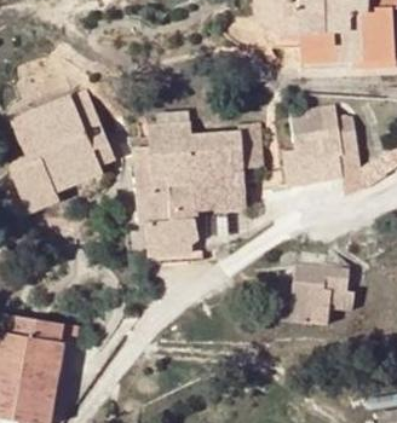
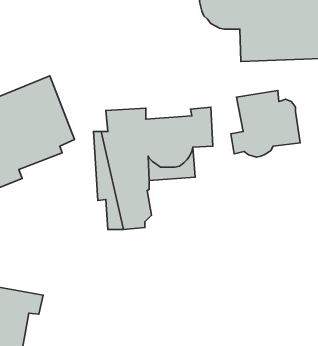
building: [278,253,353,324] -> none

